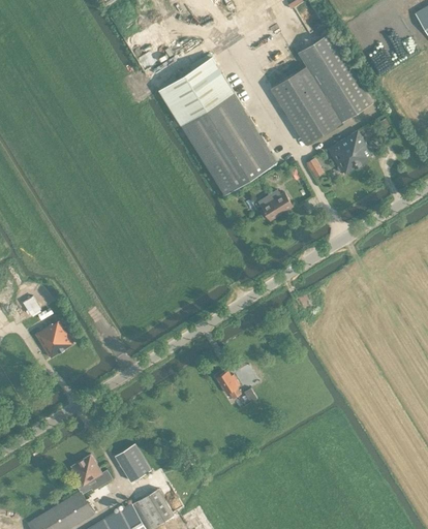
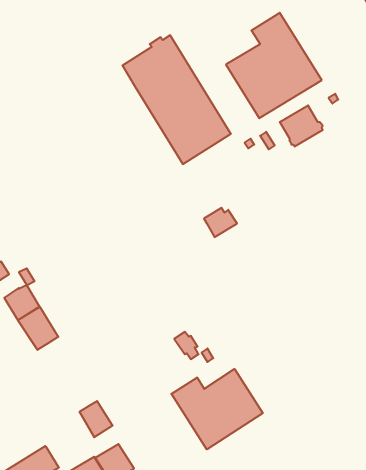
building: [257,190,293,221] -> [204,208,237,237]
building: none -> [18,307,58,350]
building: none -> [171,369,263,449]
building: [70,455,112,495] -> none

